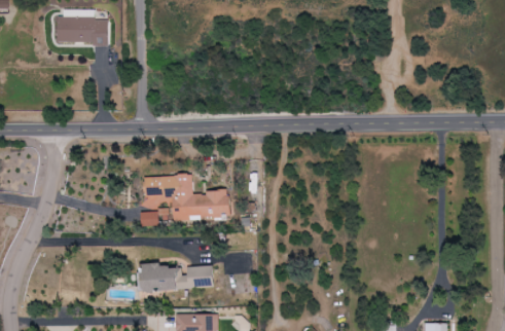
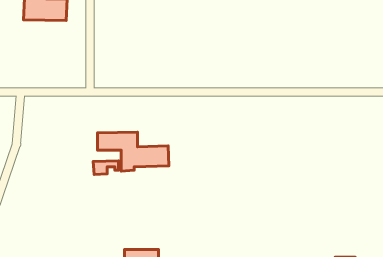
building: [137,263,213,292] -> none

